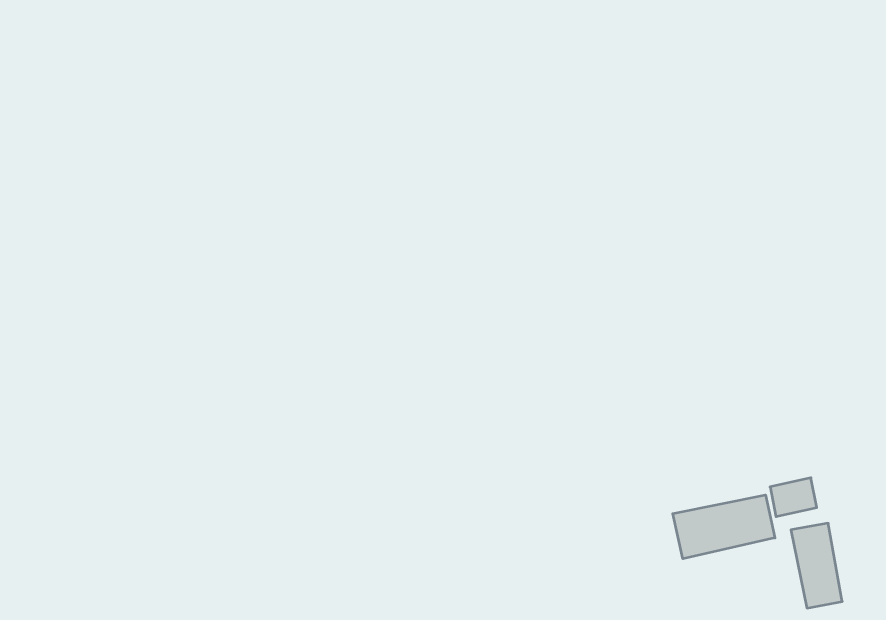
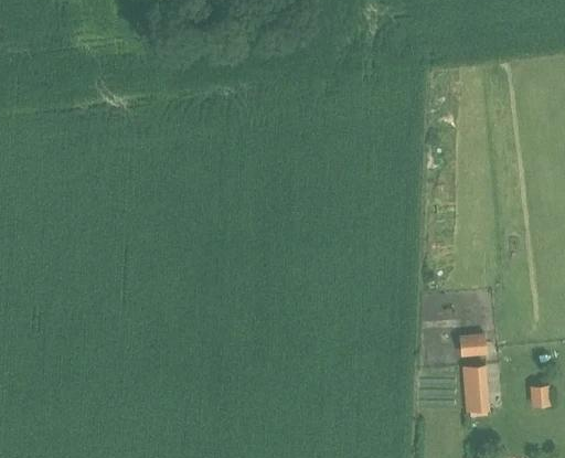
building: [673,495,775,559] -> none

